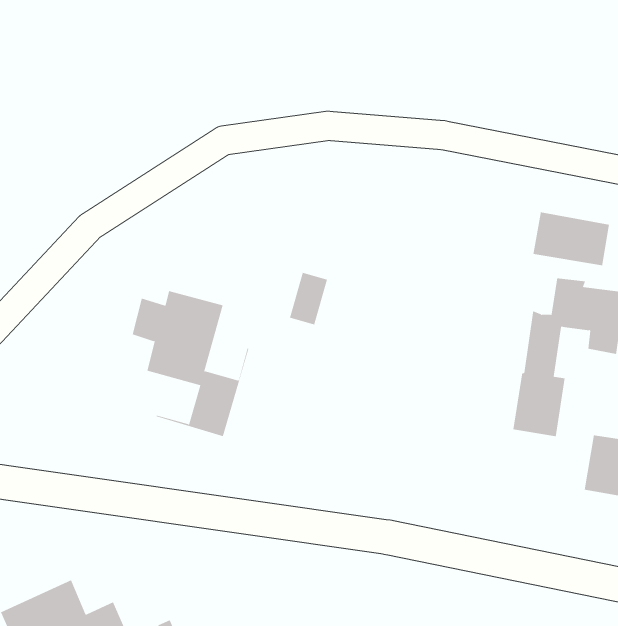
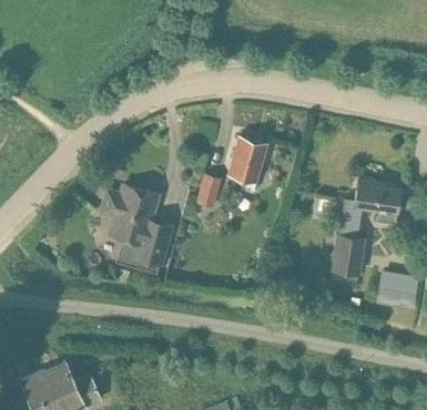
building: none -> [228,135,267,192]
building: [533,211,610,266] -> none

